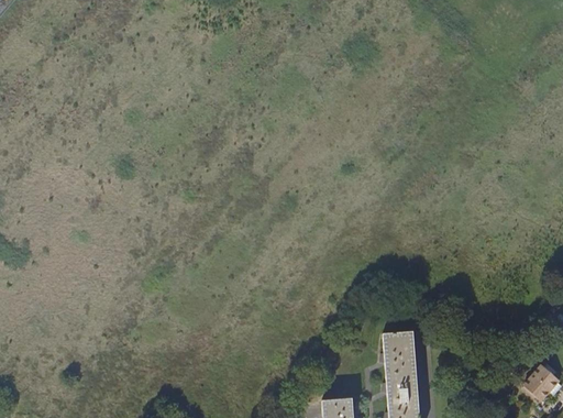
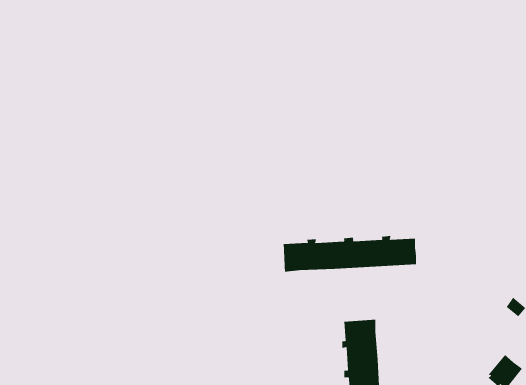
building: none -> [283,235,416,272]

